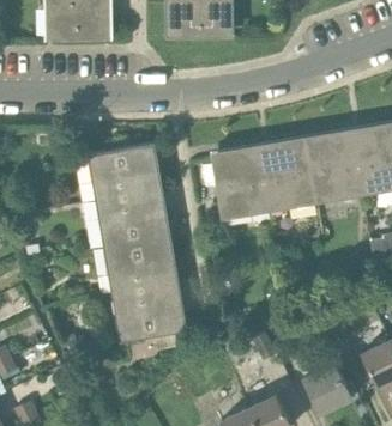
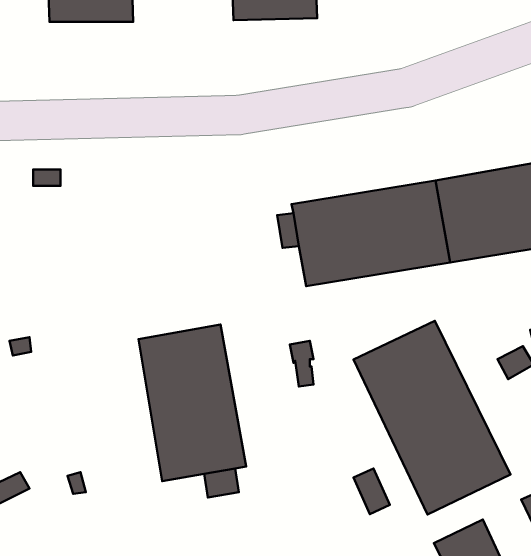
building: [92,144,163,248] -> none
building: none -> [354,321,510,514]

